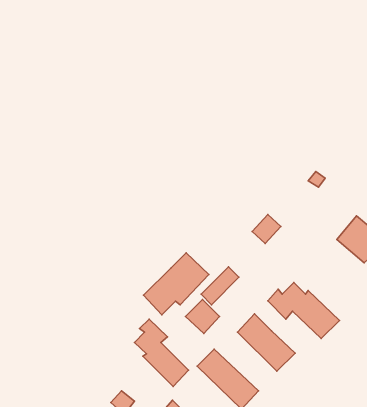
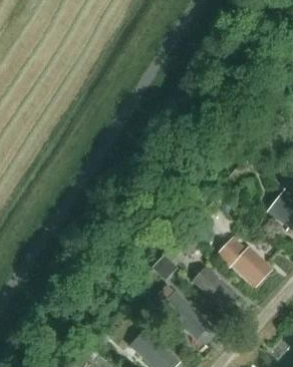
building: [144,253,209,315] -> none
building: [135,319,189,386] -> none

